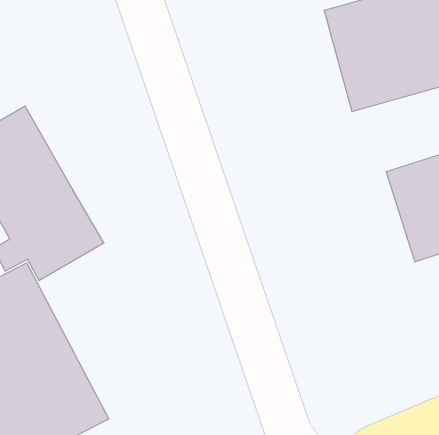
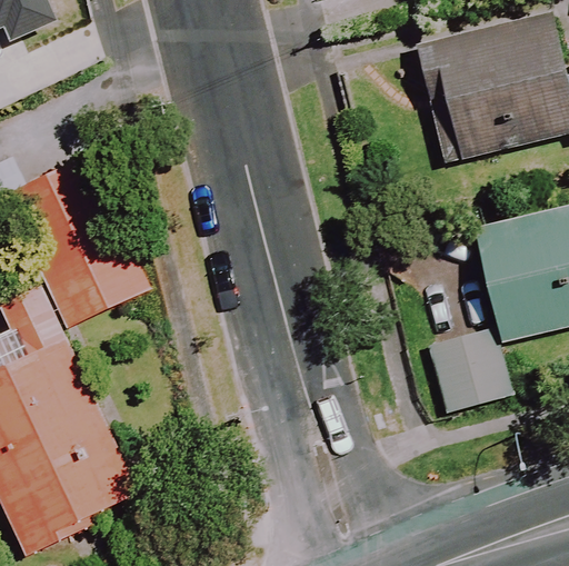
building: none -> [429,327,506,409]

